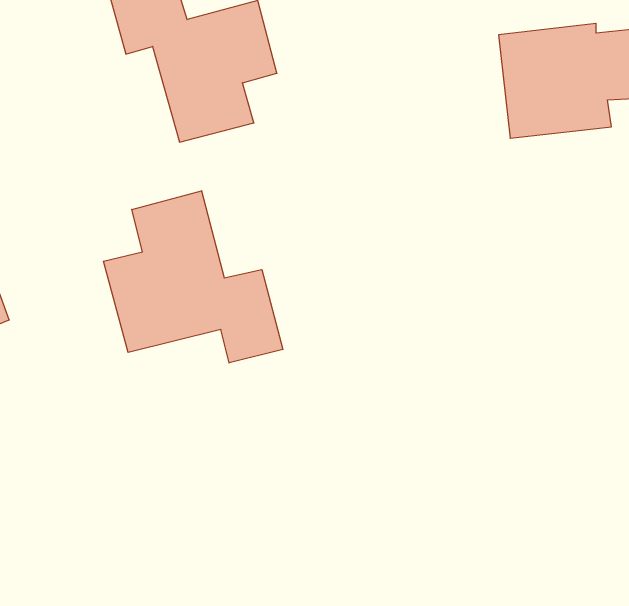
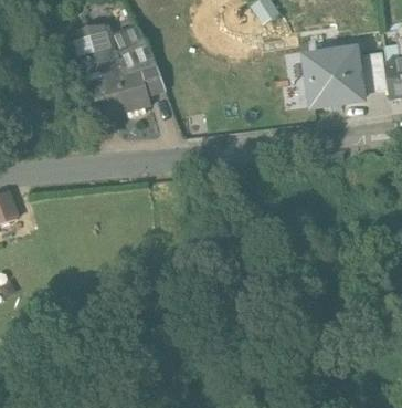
building: [103,191,283,363] -> none

